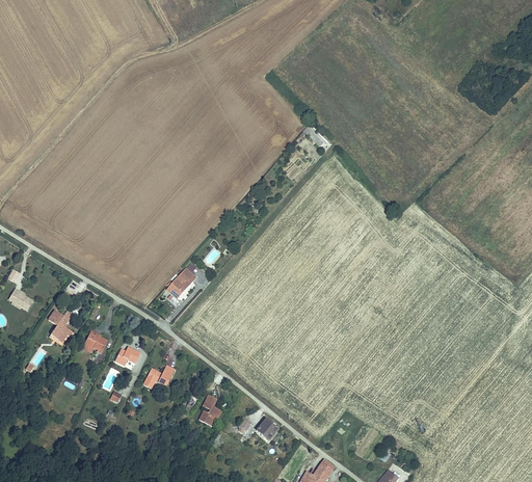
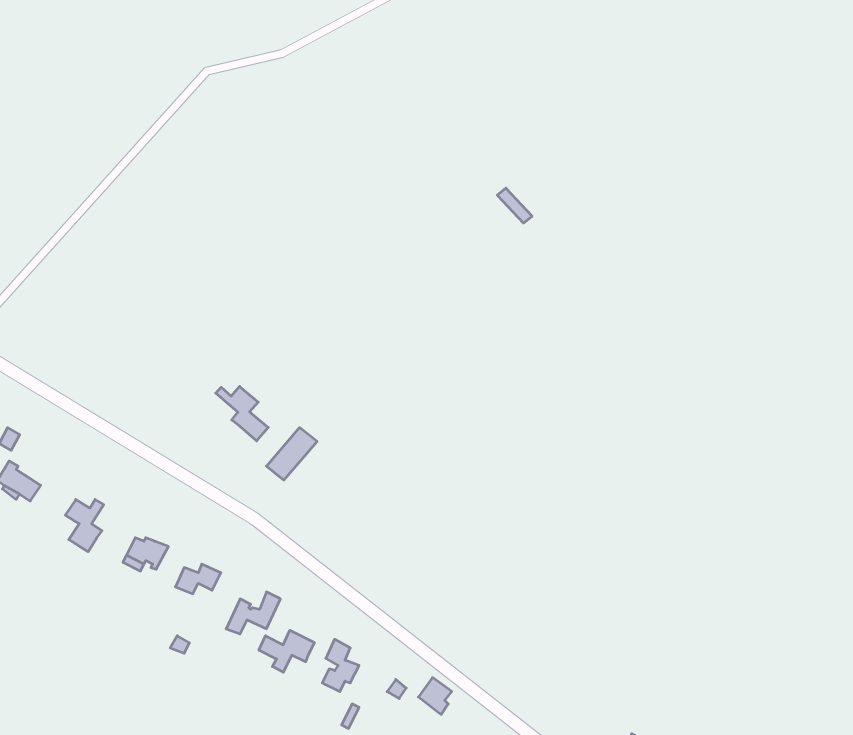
building: none -> [216,386,268,441]
building: none -> [259,630,314,672]

